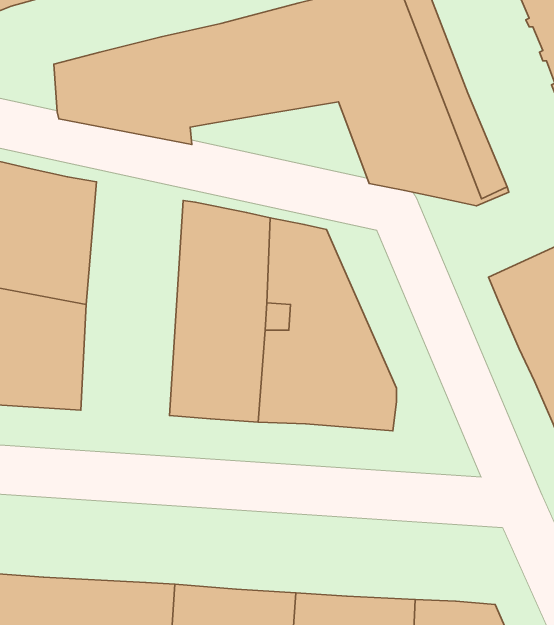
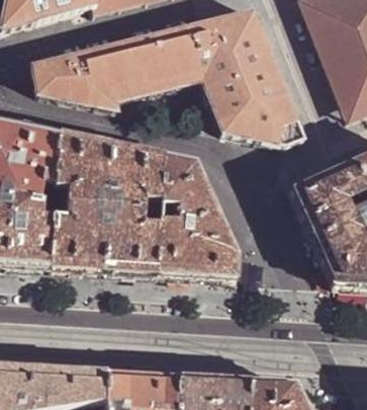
building: none -> [50,133,110,271]

